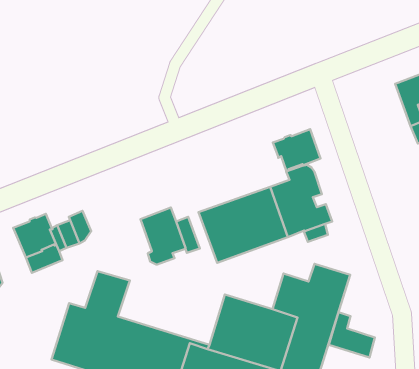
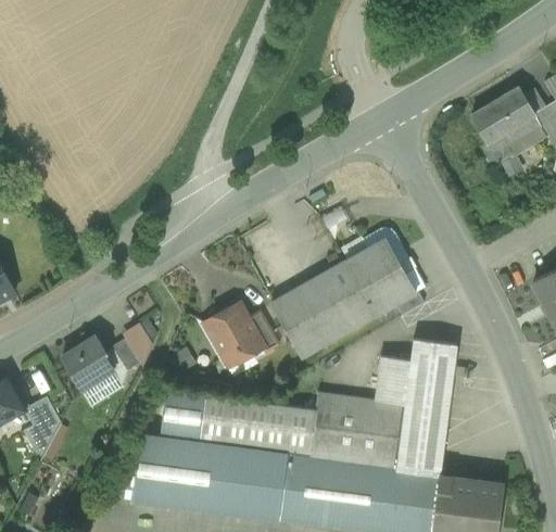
building: [273,129,321,172] -> none
building: none -> [199,395,315,453]
building: [329,312,375,358] -> none

